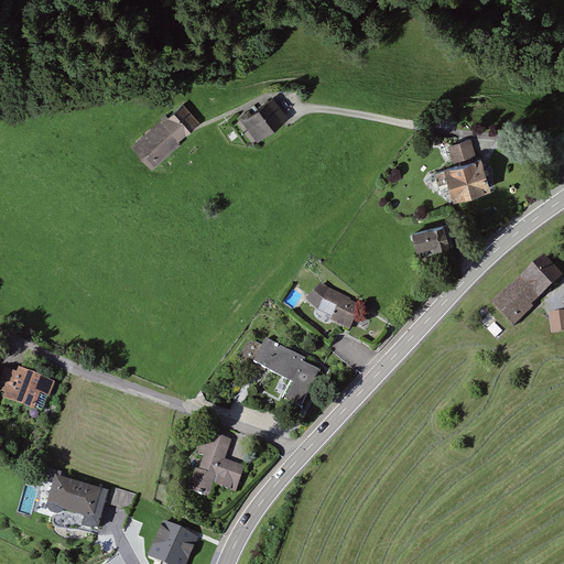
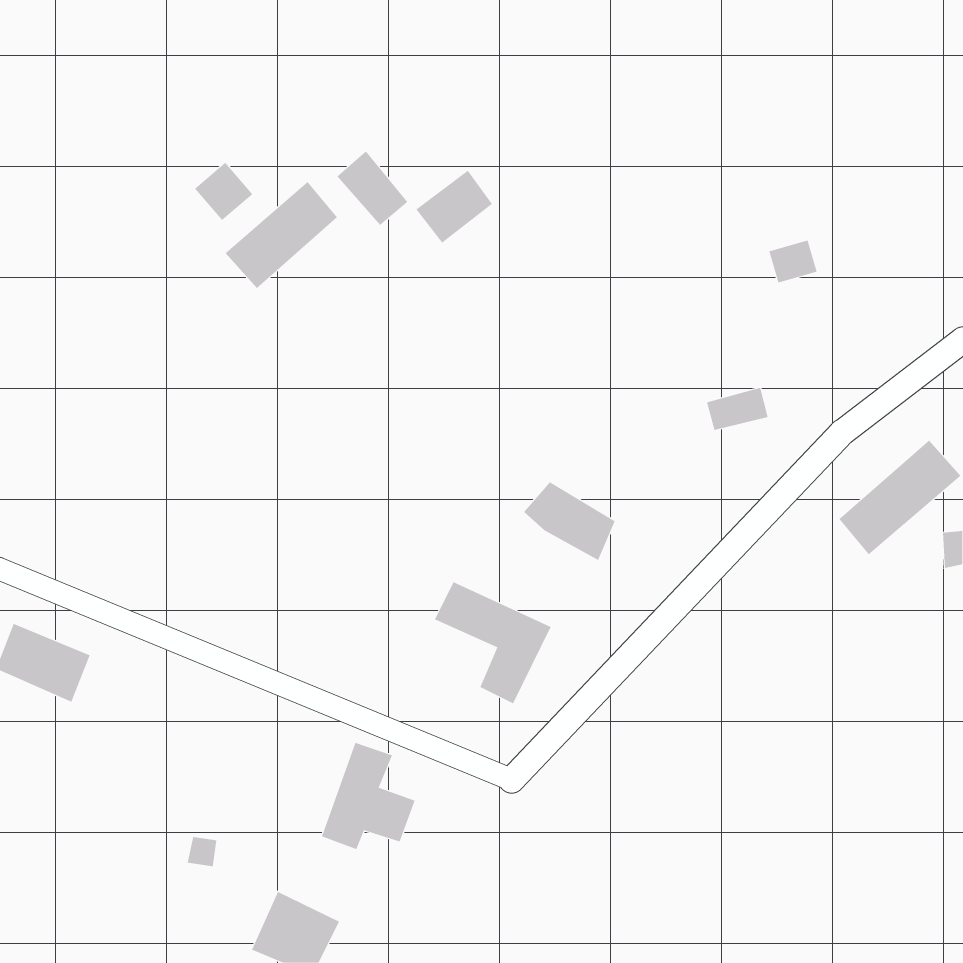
building: none -> [337,151,408,226]
building: none -> [194,162,253,221]
building: [446,161,488,200] -> none
building: [47,475,106,522] -> none

